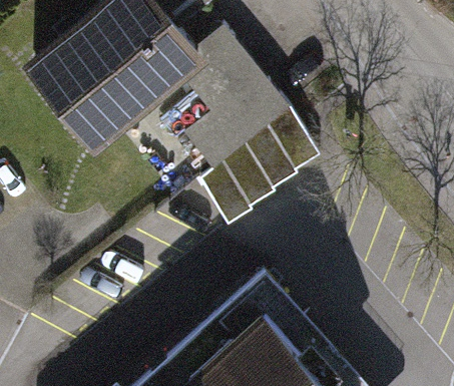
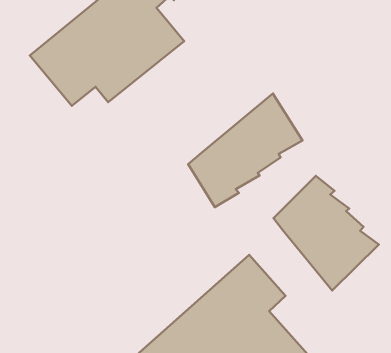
building: [159,35,289,167] -> none
building: none -> [273,176,379,291]

